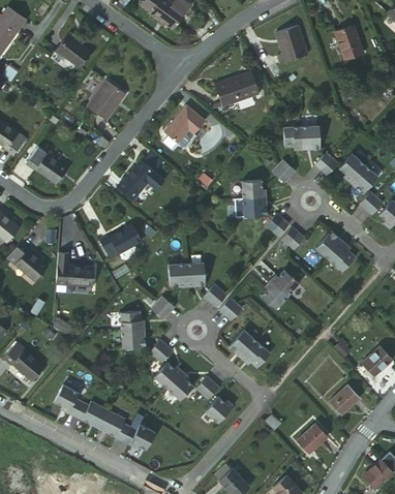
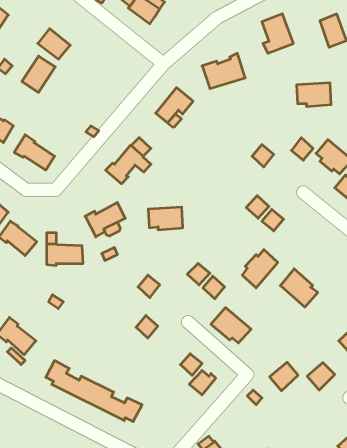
building: [86,82,121,120] -> [22,56,55,92]
building: [283,125,320,150] -> [297,83,331,106]
building: [242,180,267,217] -> none
building: [316,229,356,270] -> [280,269,318,307]
building: [169,264,205,287] -> [148,207,183,230]
building: [121,312,146,348] -> none
building: [155,363,194,400] -> none
building: [296,425,326,455] -> [270,362,298,391]

